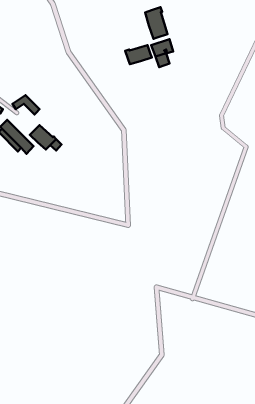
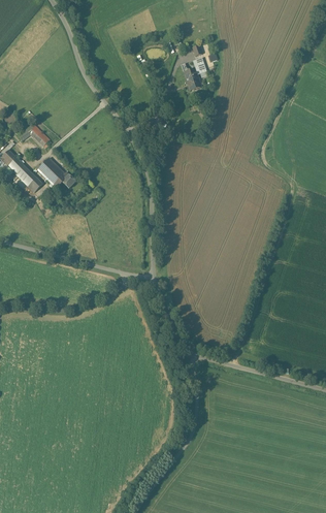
building: [145,7,167,39] -> none
building: [125,45,152,64] -> none

